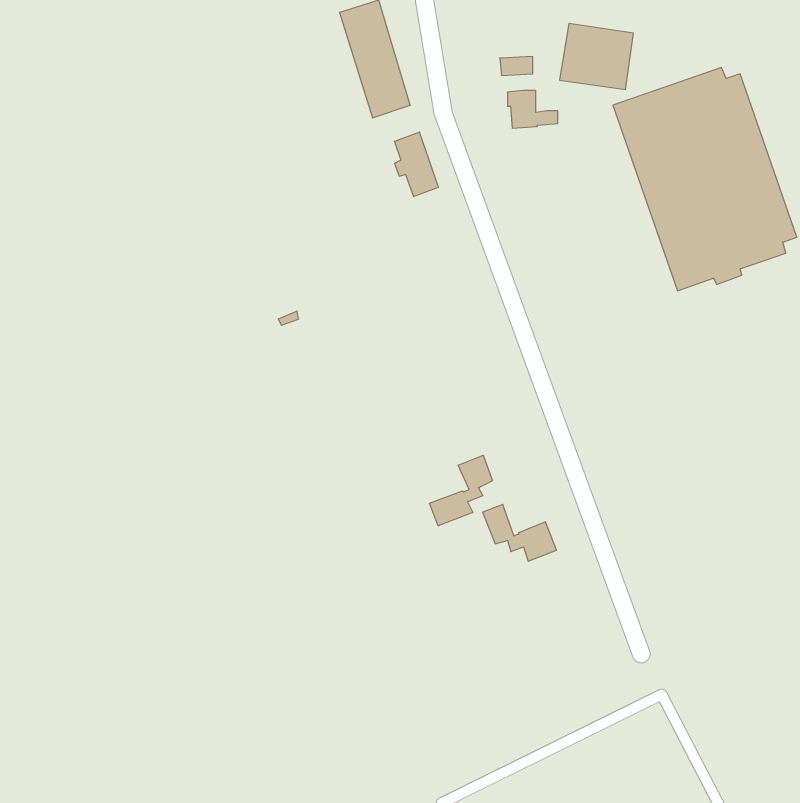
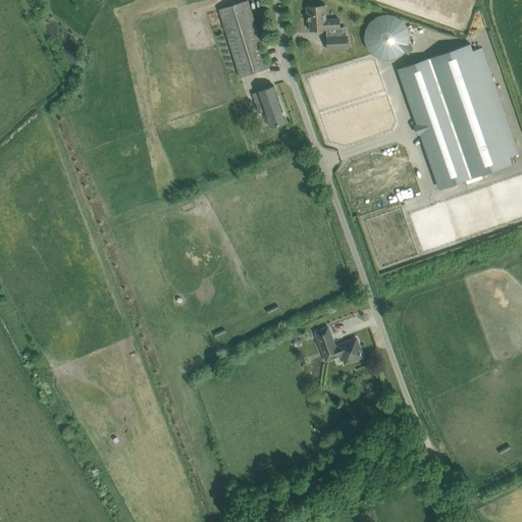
building: [507,90,558,128] -> [305,6,337,31]
building: [429,455,492,526] -> none

